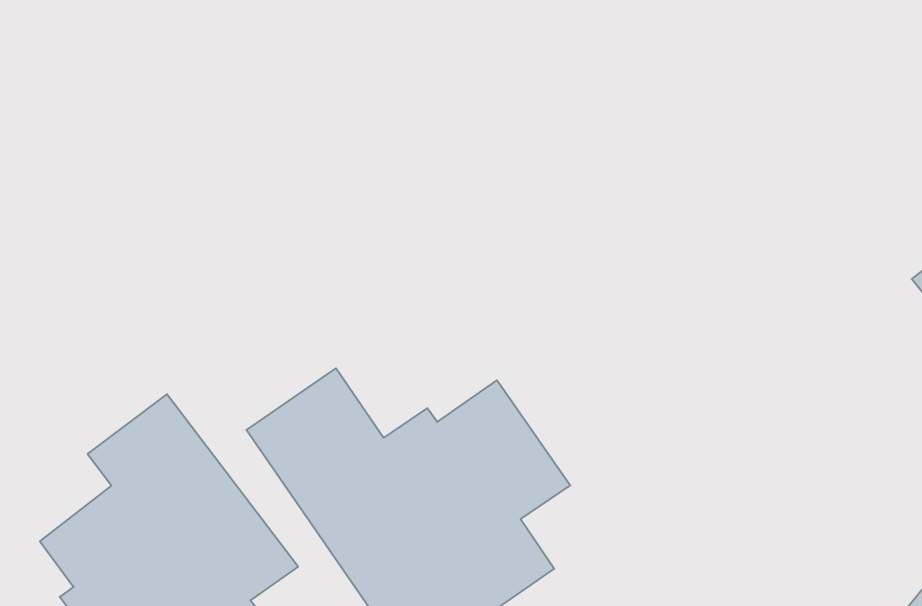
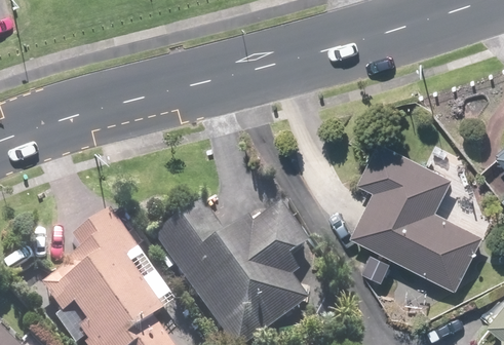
building: none -> [352,140,482,290]

